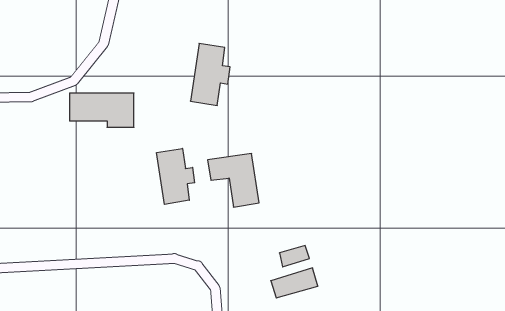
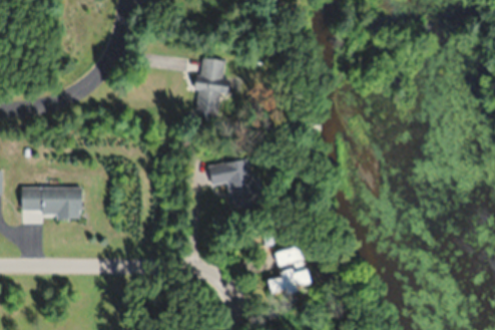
building: [70,93,134,127] -> [21,187,81,219]
building: [157,148,195,204] -> none

